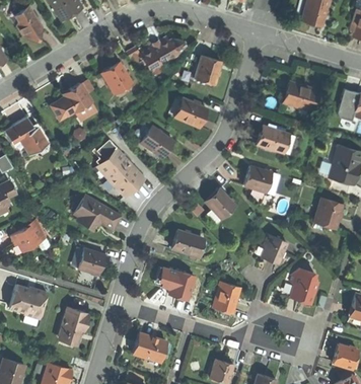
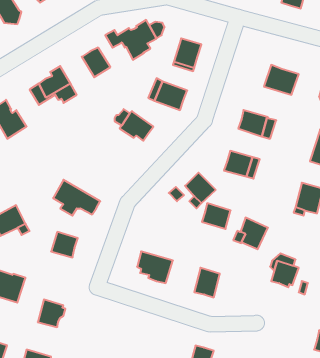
building: [98,149,145,197] -> none
building: [173,231,202,256] -> [202,203,231,229]
building: [134,333,166,367] -> none

